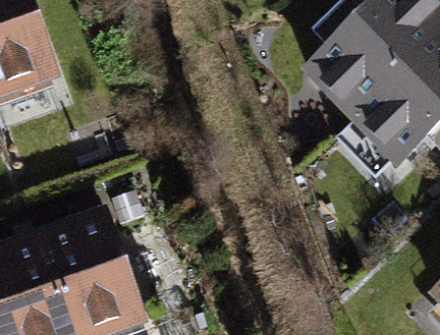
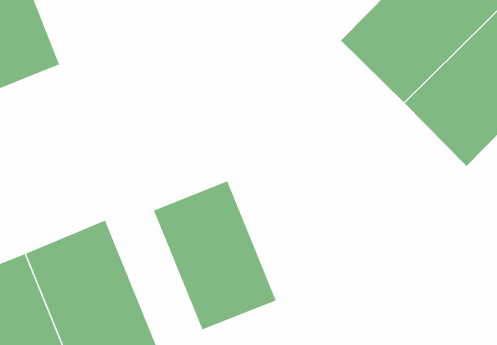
building: none -> [153,181,276,330]

